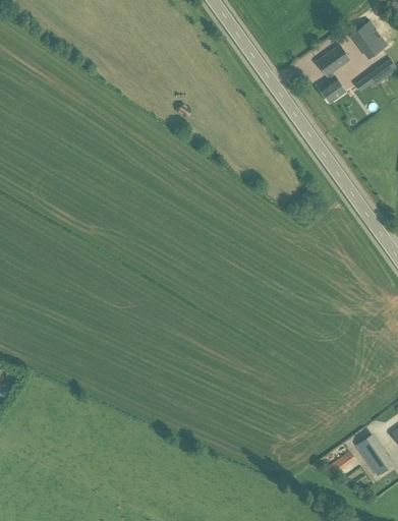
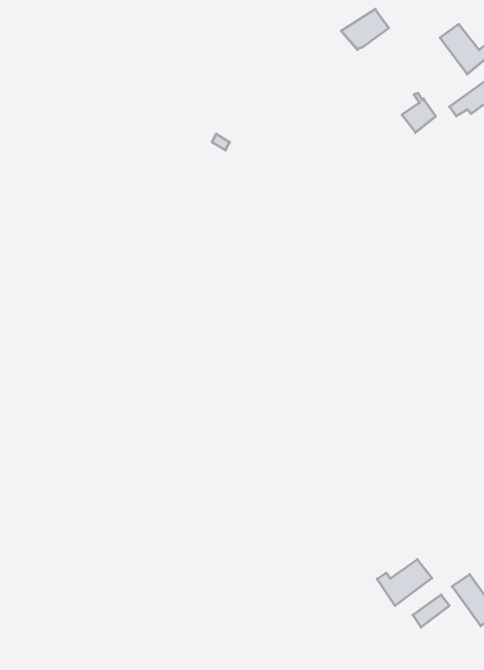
building: [315,46,350,76] -> [341,9,389,50]
building: none -> [377,559,432,606]

